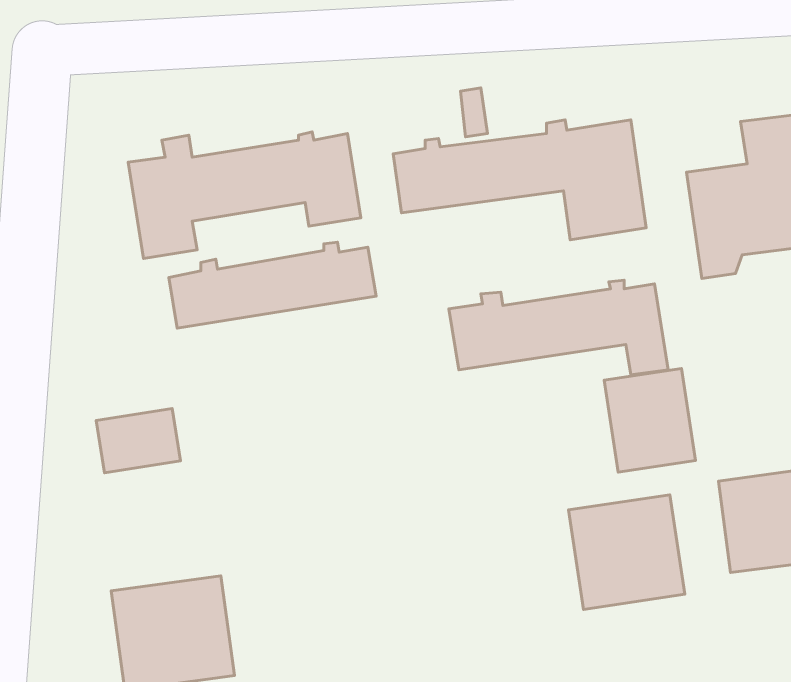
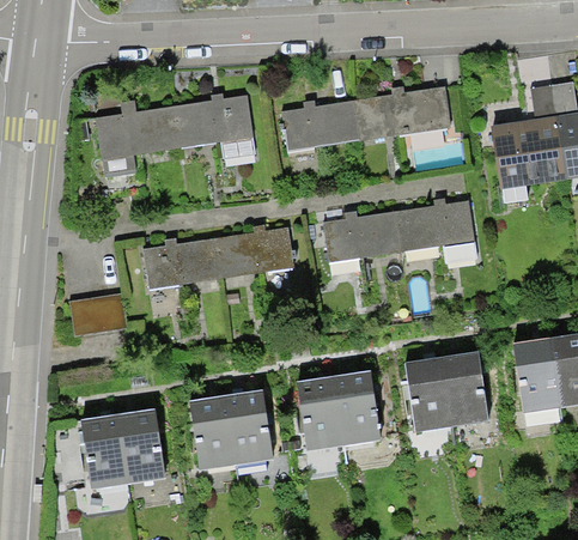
building: [169,242,376,328] -> [141,225,288,286]
building: [604,368,695,472] -> none
building: none -> [292,369,382,449]
building: none -> [189,389,275,468]

